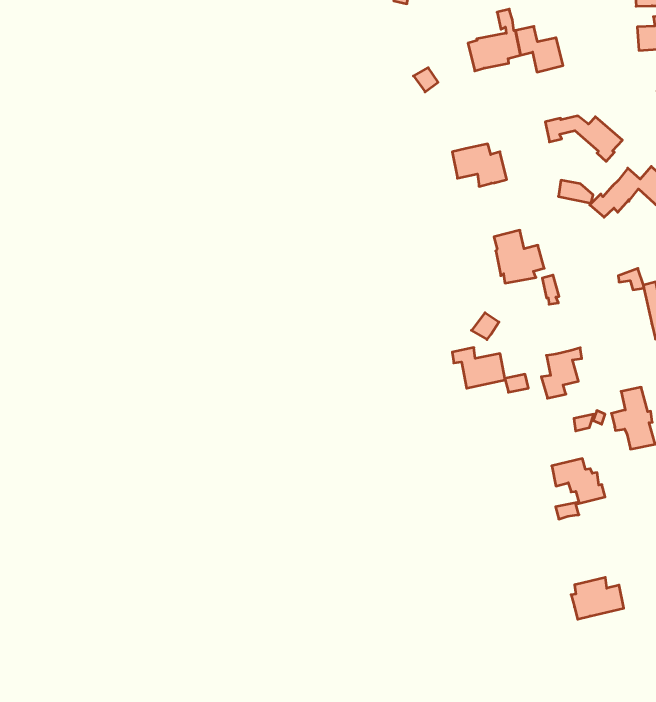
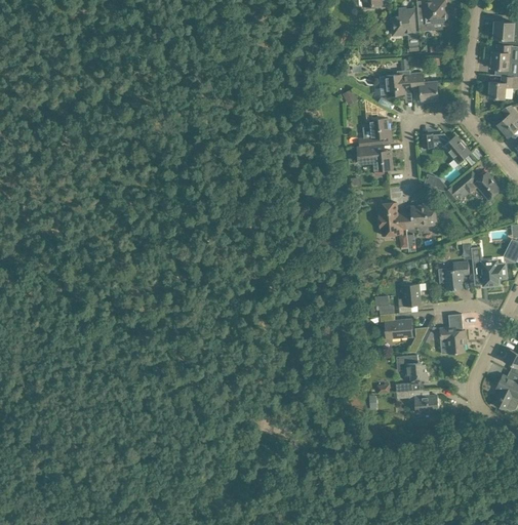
building: none -> [358,118,391,146]
building: none -> [406,205,436,229]
building: none -> [438,261,469,291]
building: [452,348,505,388] -> [380,313,411,338]
building: [571,577,624,619] -> [405,389,438,413]

